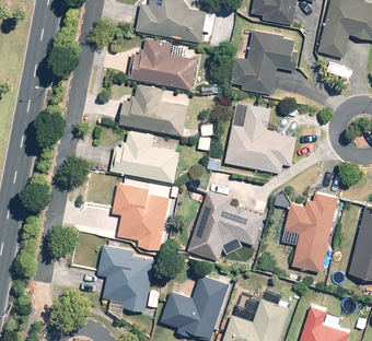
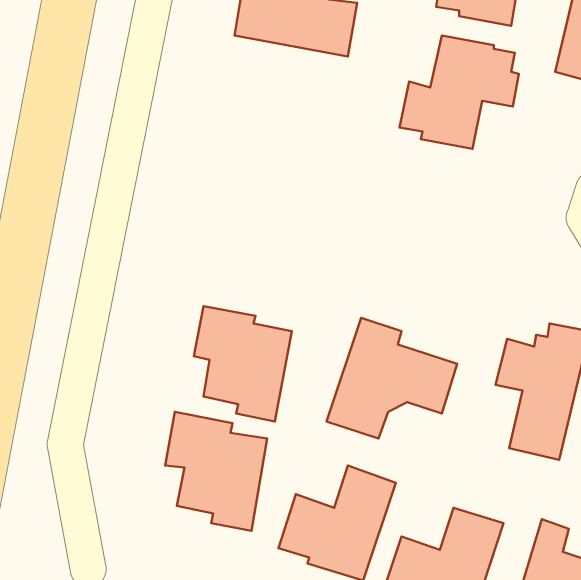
building: [127,38,196,89] -> none
building: [119,85,187,136] -> none
building: [225,105,295,172] -> none
building: [111,131,178,181] -> none

